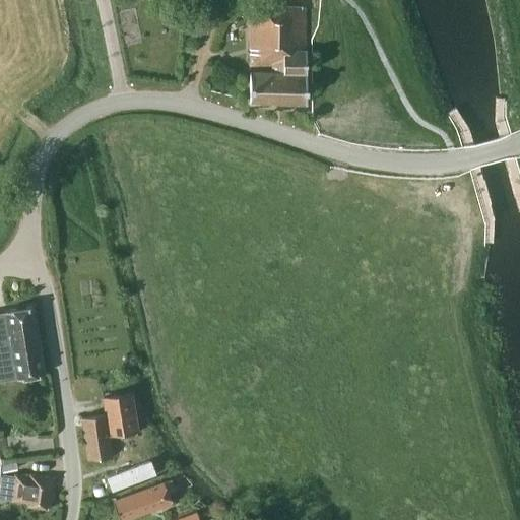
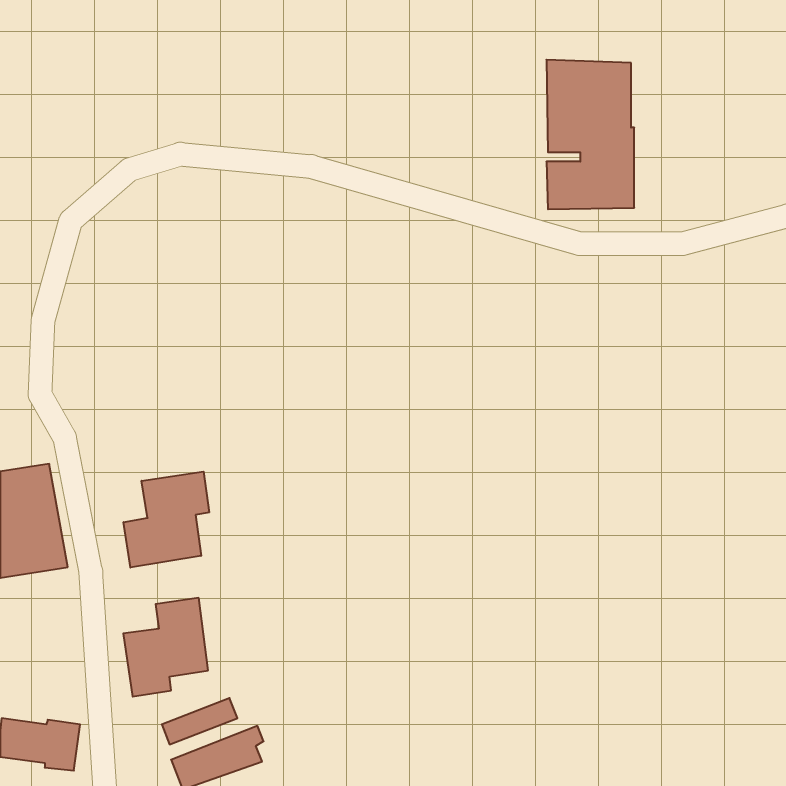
building: [250,6,308,105] -> [546,60,634,209]
building: none -> [124,472,209,568]

